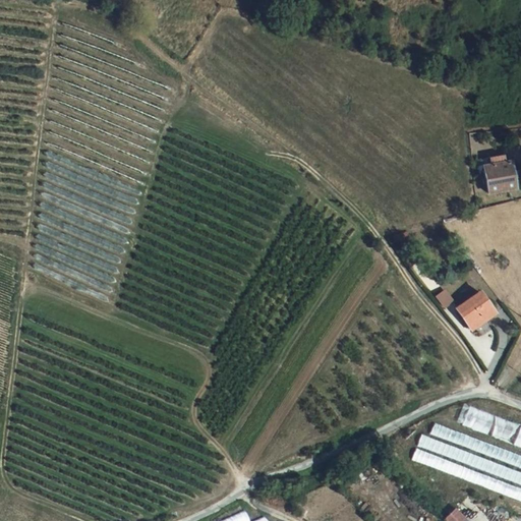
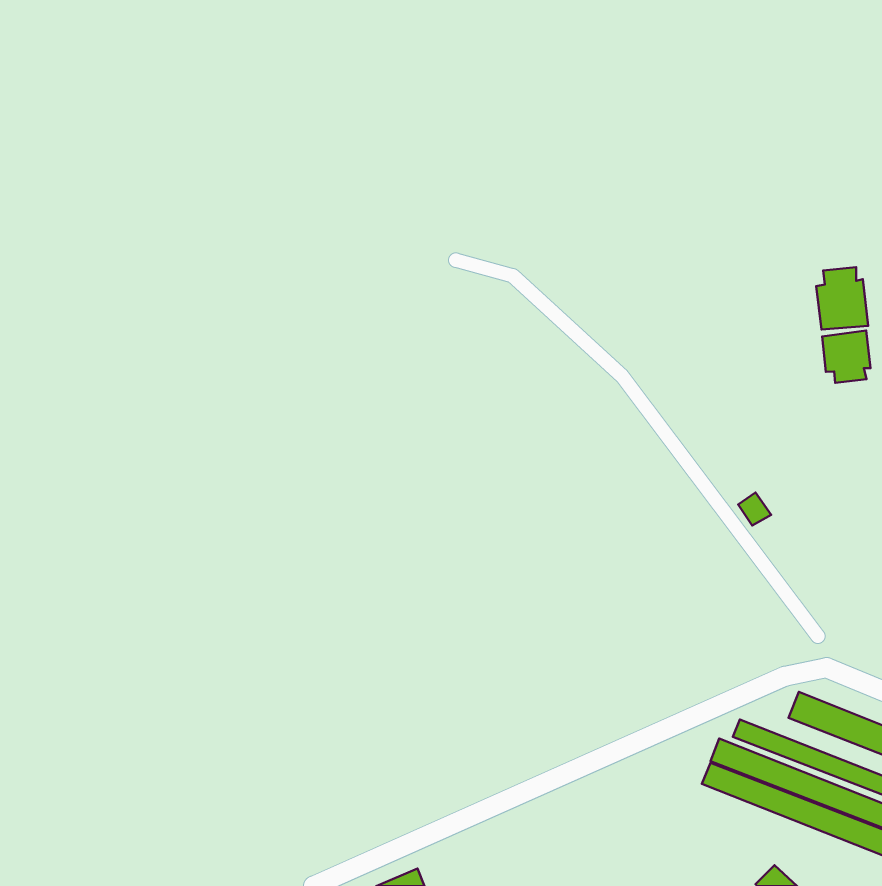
building: none -> [822,330,870,383]
building: [461,294,499,332] -> none

